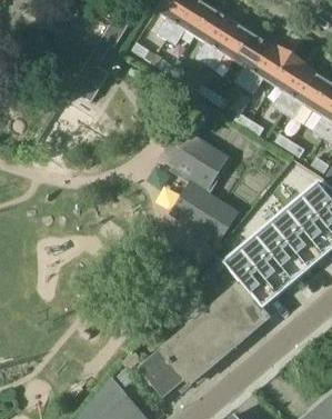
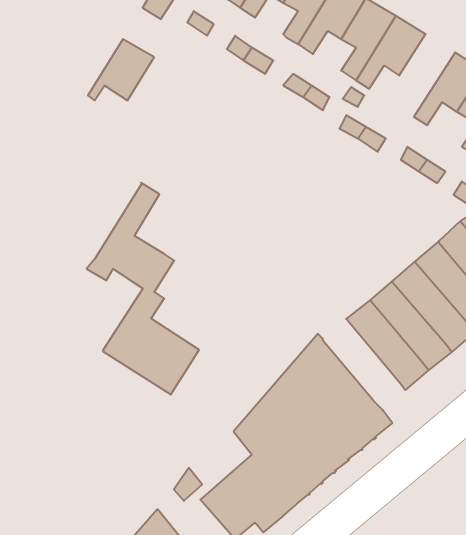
building: [273,57,311,112] -> none
building: [160,100,235,242] -> [87,183,199,395]
building: [222,248,278,309] -> none

